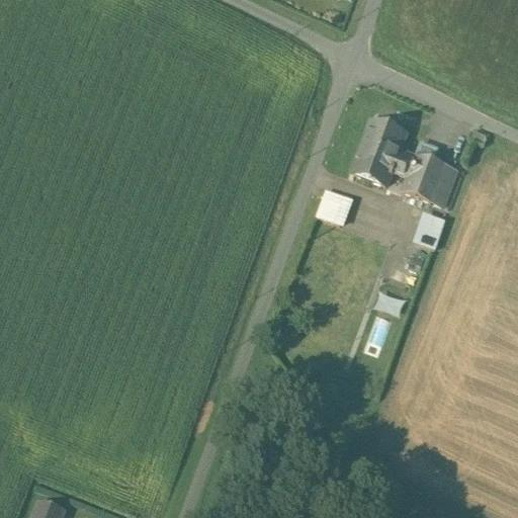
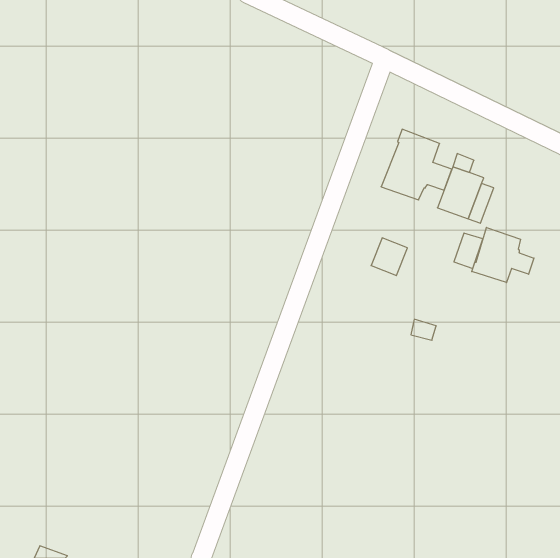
building: [319,188,352,223] -> [371,238,407,276]
building: none -> [472,227,534,283]

